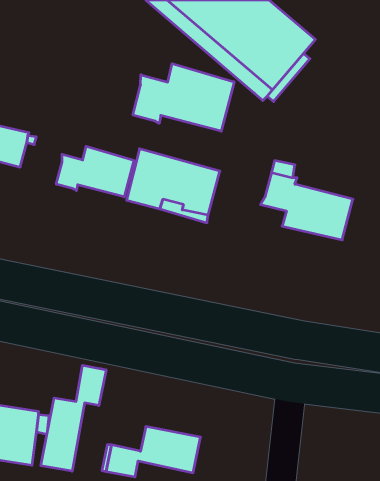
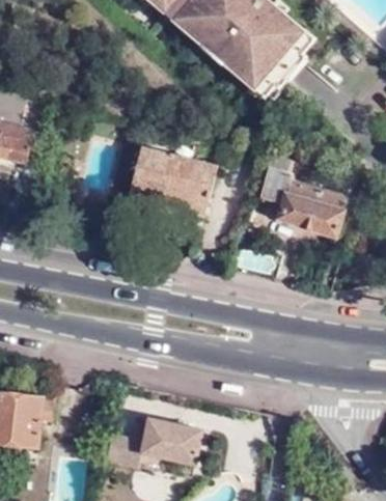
building: [133,64,234,131] -> none
building: [56,146,134,197] -> none
building: [41,365,106,471] -> none

